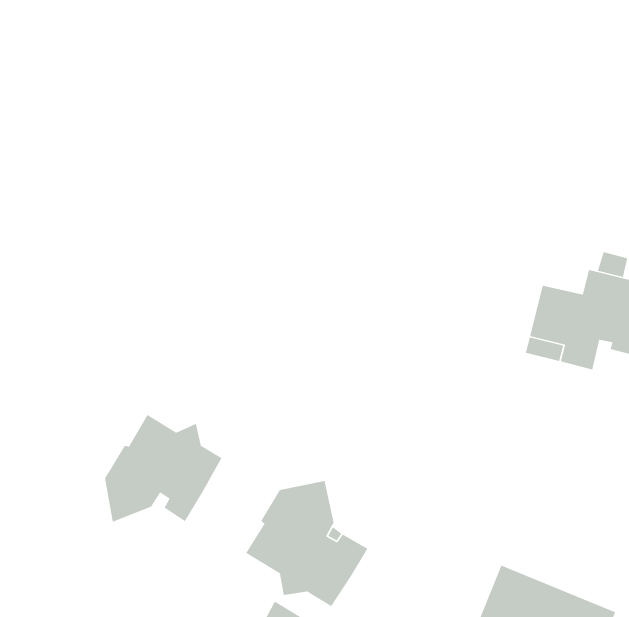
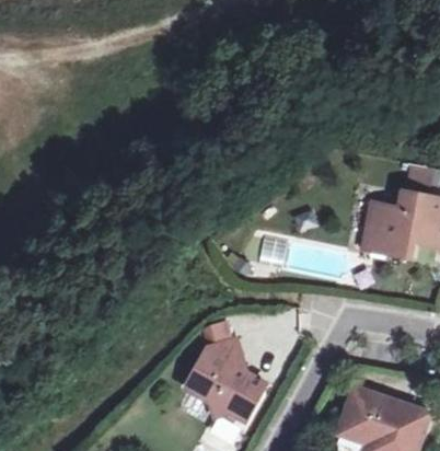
building: [104,414,223,523] -> none

